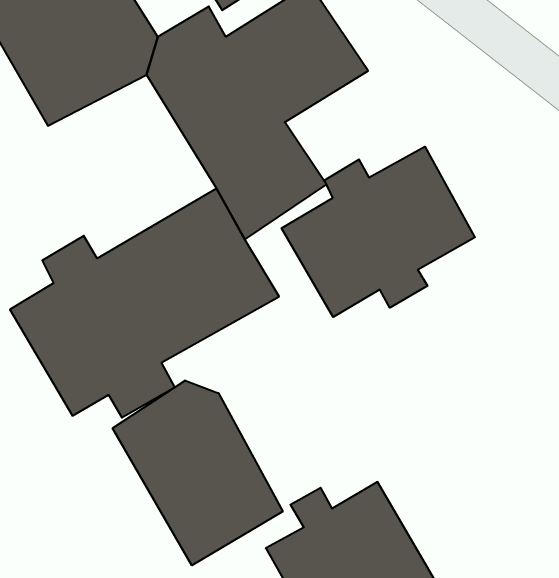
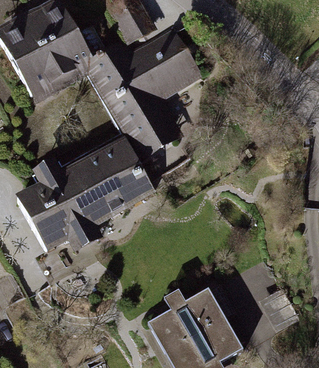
building: [282,147,475,317] -> none
building: [113,380,283,565] -> none

